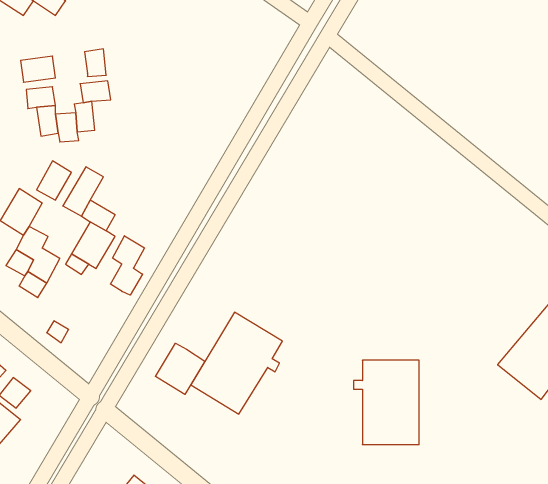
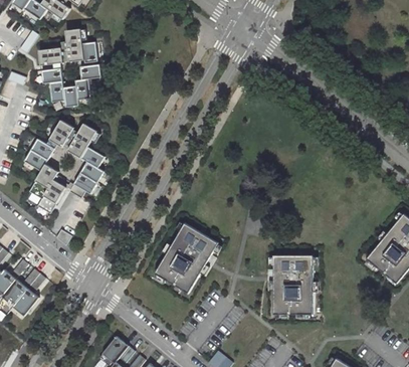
building: none -> [65,27,84,60]
building: [110,236,145,295] -> none
building: [155,343,205,394] -> none

